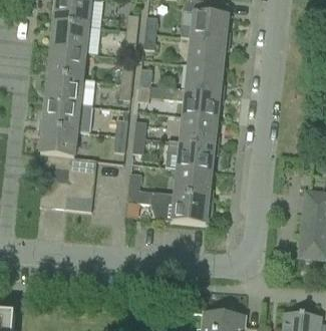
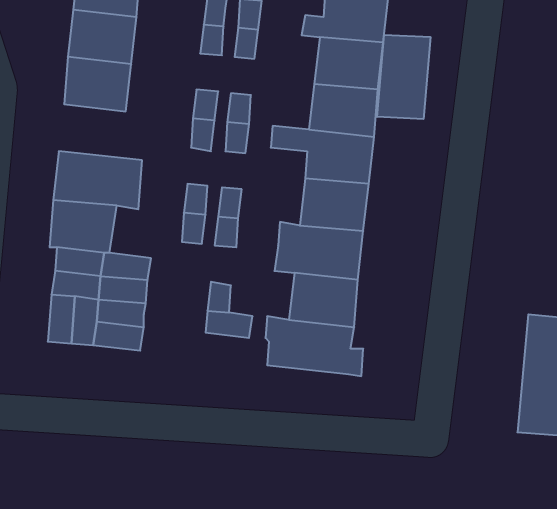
building: none -> [377,35,430,119]
building: [45,74,94,105] -> none

